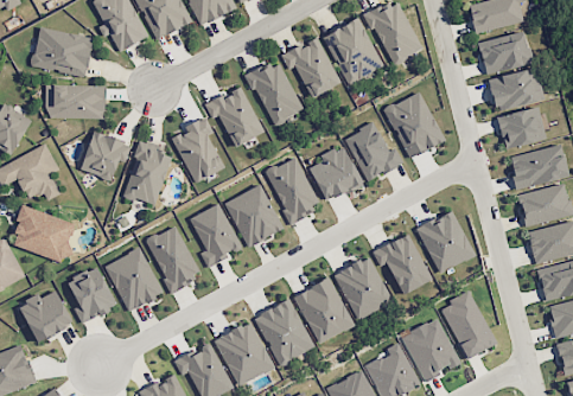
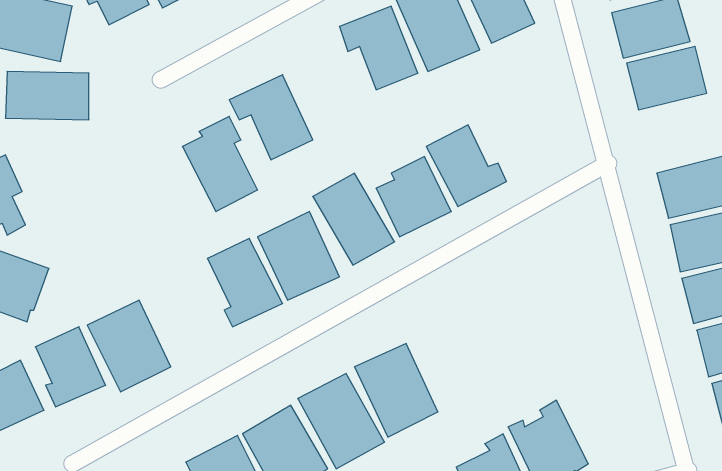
building: [248,59,301,124] -> none
building: [383,91,444,158] -> none
building: [497,107,545,148] -> none
building: [79,130,130,180] -> none
building: [122,141,172,205] -> none
building: [415,210,475,273] -> none
building: [145,225,200,290] -> none
building: [371,232,432,295] -> none
building: [333,256,393,320] -> none
building: [440,292,495,359] -> none

